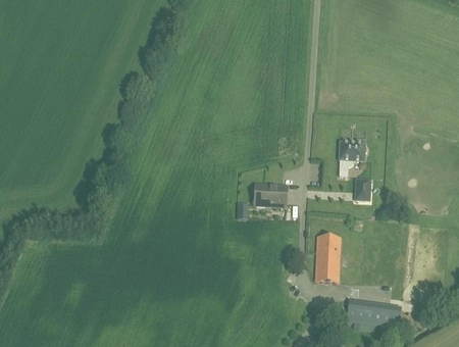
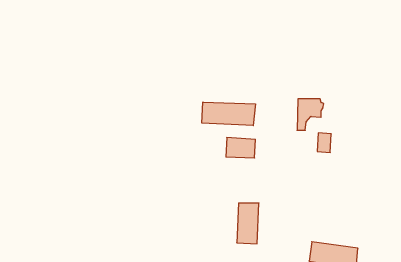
building: none -> [202,102,255,126]
building: [315,237,340,282] -> [237,203,259,244]

